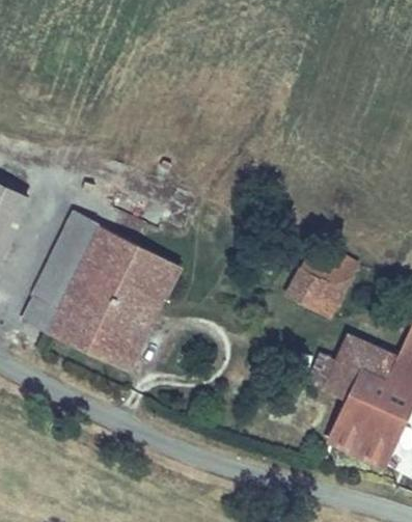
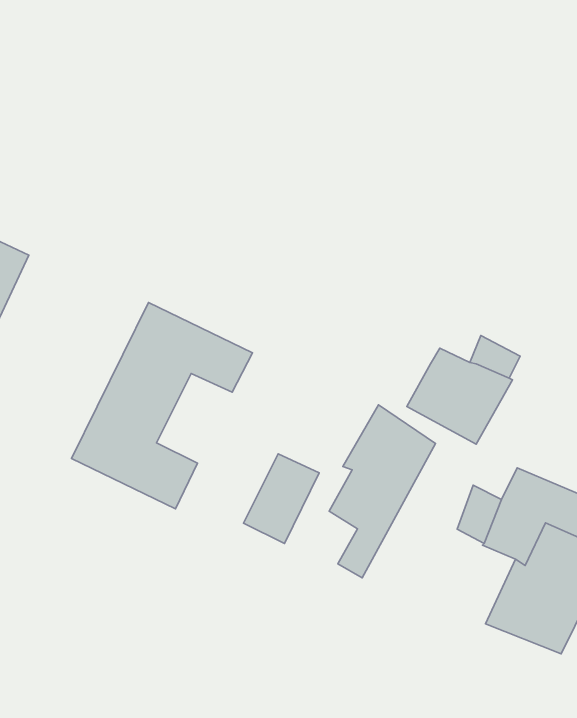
building: [23,213,109,333] -> none
building: [114,277,164,336] -> [243,454,319,544]
building: none -> [329,405,436,578]

